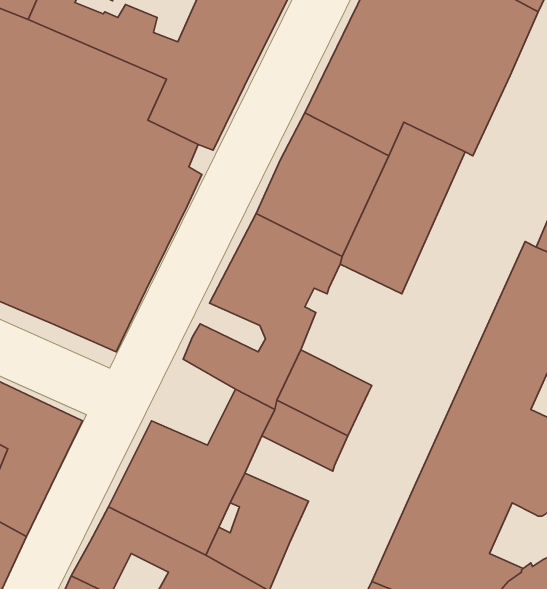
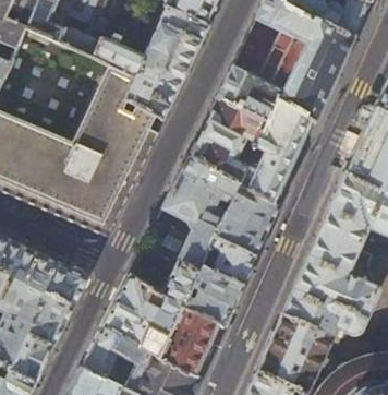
building: none -> [214,187,278,258]
building: none -> [181,287,232,327]

